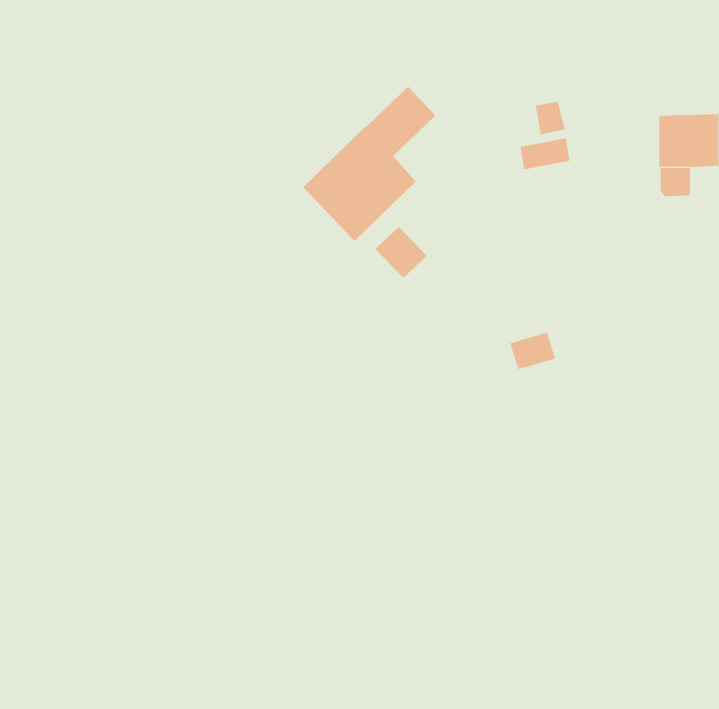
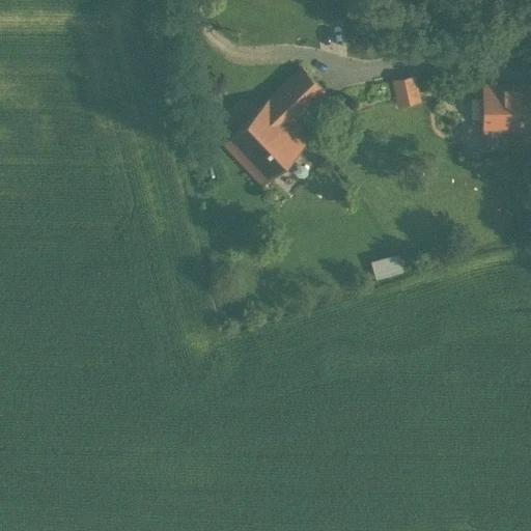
building: [520,138,570,170] -> none
building: [375,226,428,279] -> none

